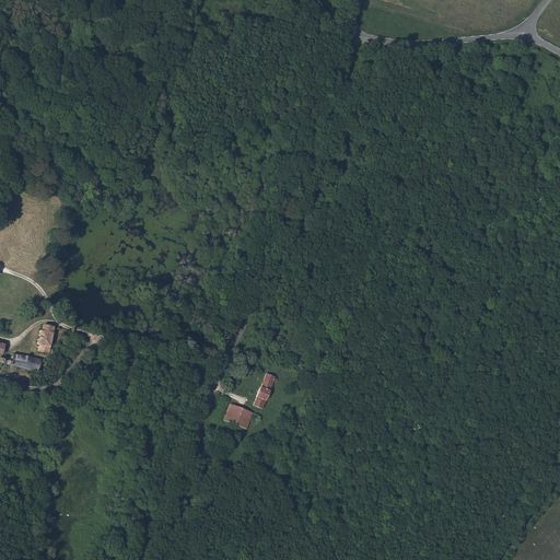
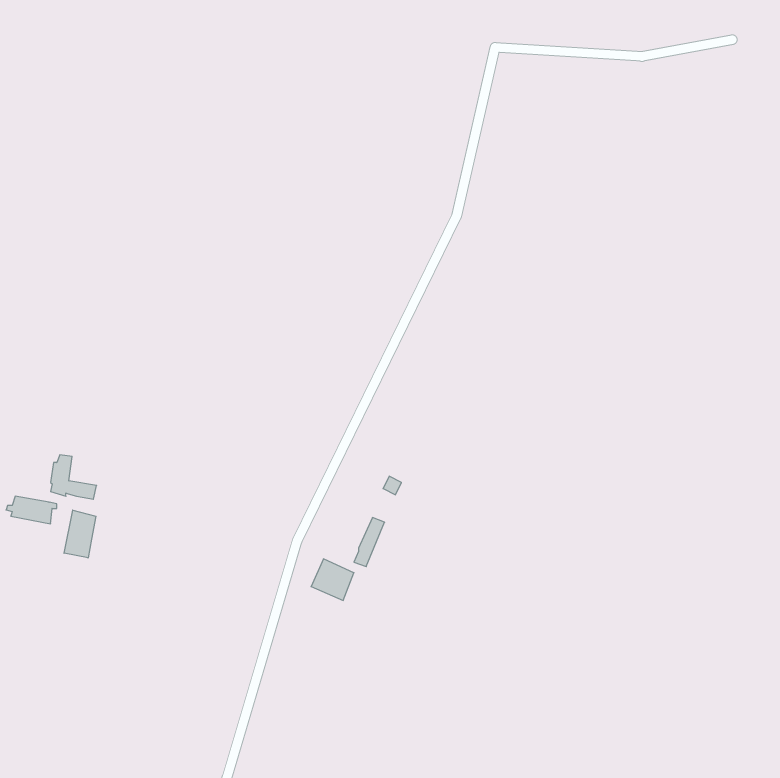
building: none -> [64,510,96,558]

